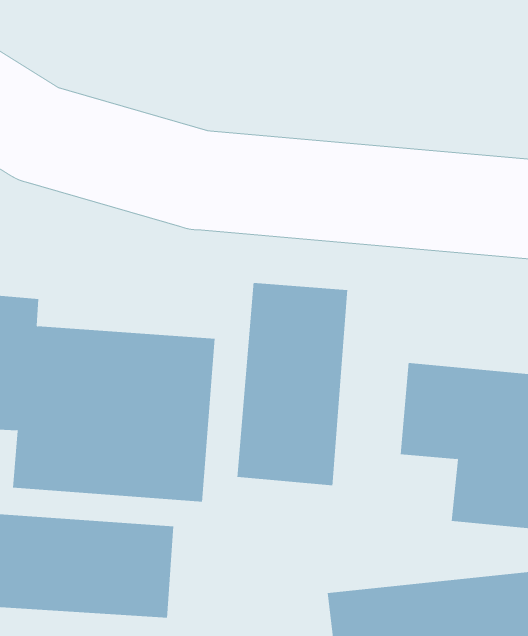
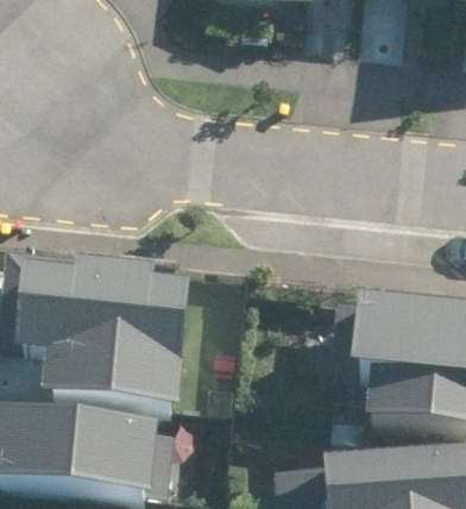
building: [237,282,348,486] -> none

